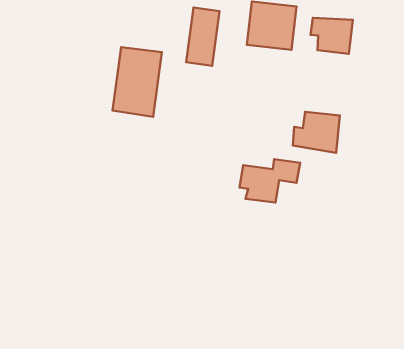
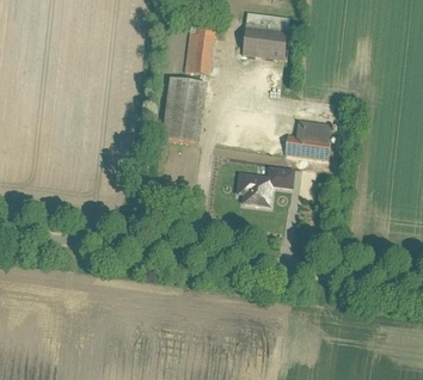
building: [310,18,353,54] -> none
building: [112,47,162,117] -> [160,80,208,147]

